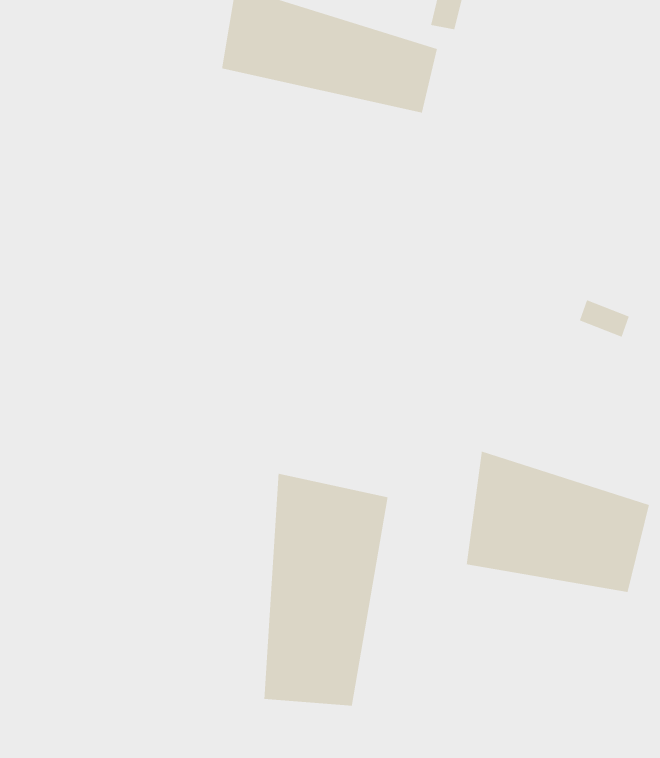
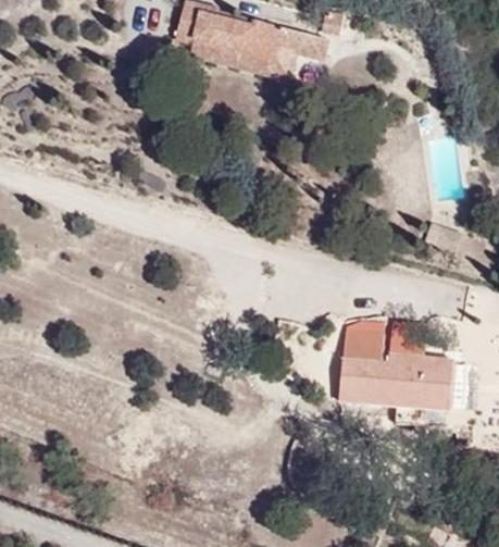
building: [264,473,388,706] -> none

